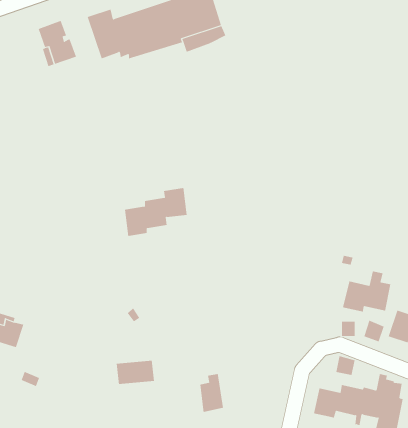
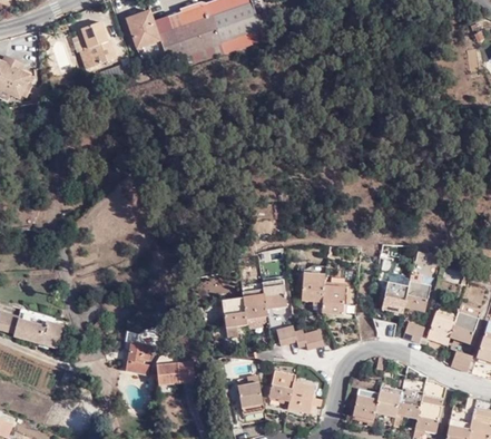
building: [124,187,188,236] -> [223,279,286,328]
building: none -> [299,272,345,314]
building: none -> [276,325,324,350]
building: none -> [126,342,161,374]
building: none -> [267,370,321,412]

